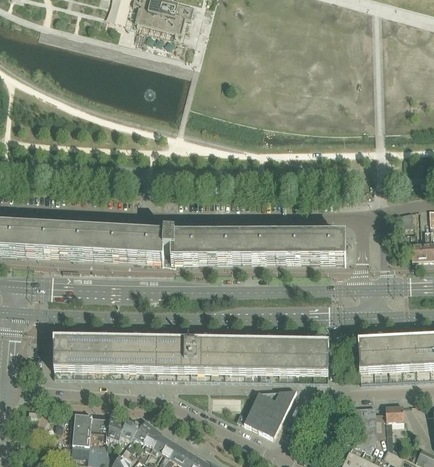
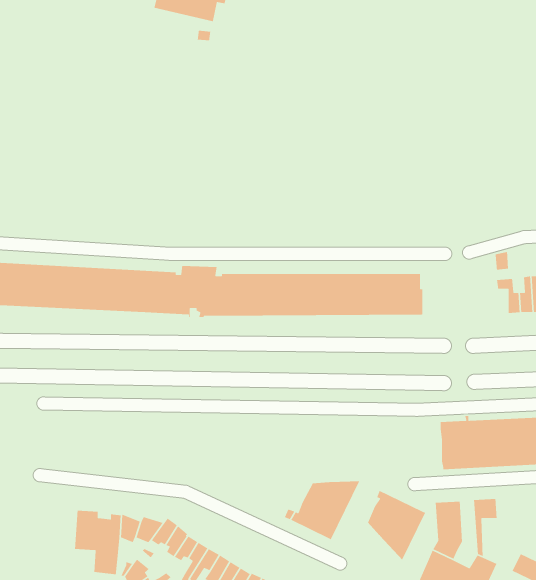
building: [53,337,328,379] -> none
building: none -> [367,490,426,561]

